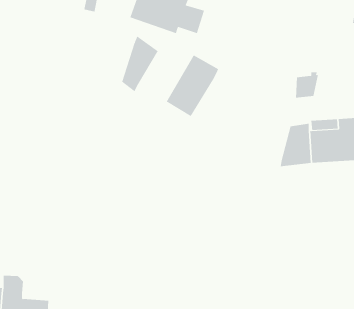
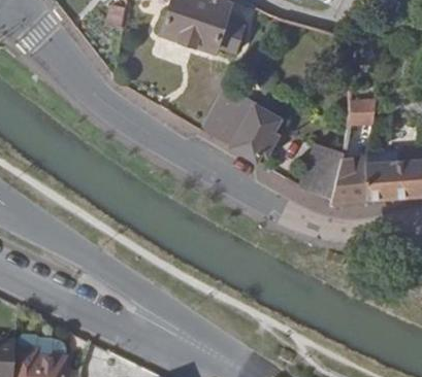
building: [121,36,158,92] -> none
building: none -> [230,105,280,162]
building: none -> [299,143,343,197]

